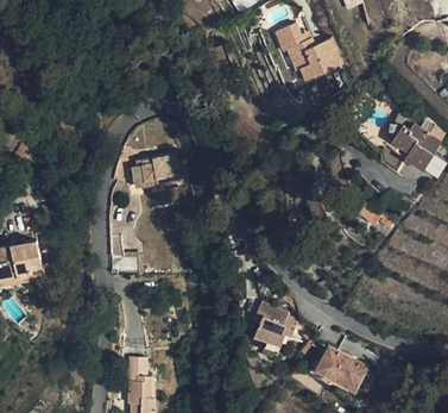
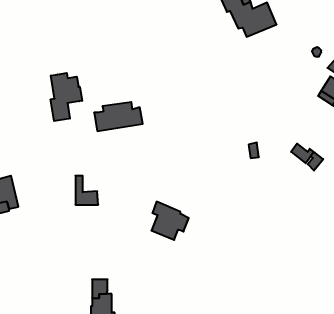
building: none -> [51,73,82,121]
building: [253,301,296,345] -> [151,202,189,240]
building: [321,346,360,387] -> none

